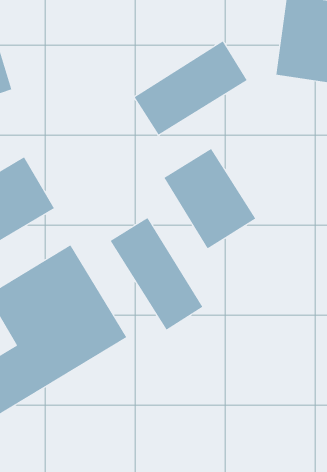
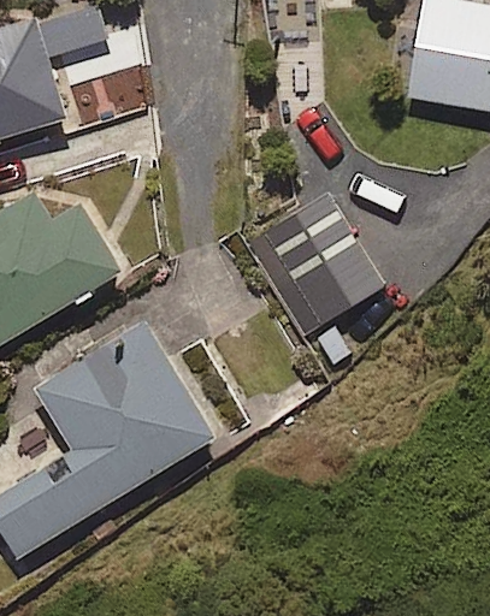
building: [134,41,248,136] -> none
building: [110,217,203,331] -> none

